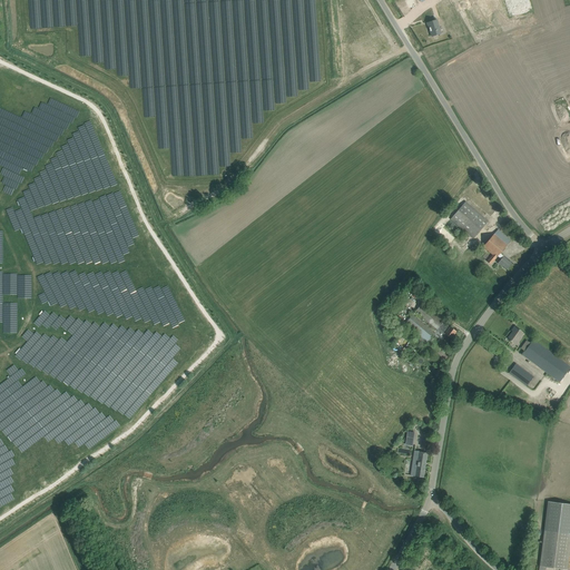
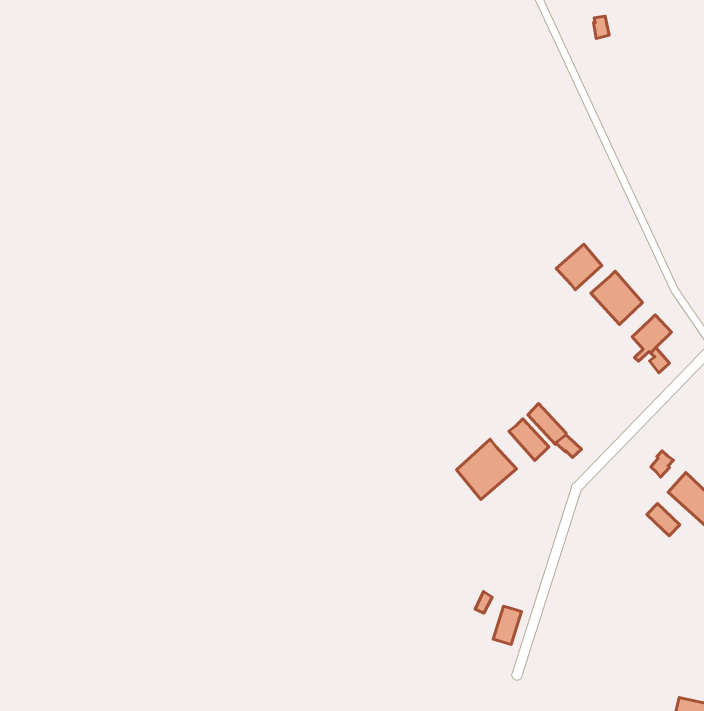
building: none -> [556,244,602,290]
building: none -> [456,439,516,500]

